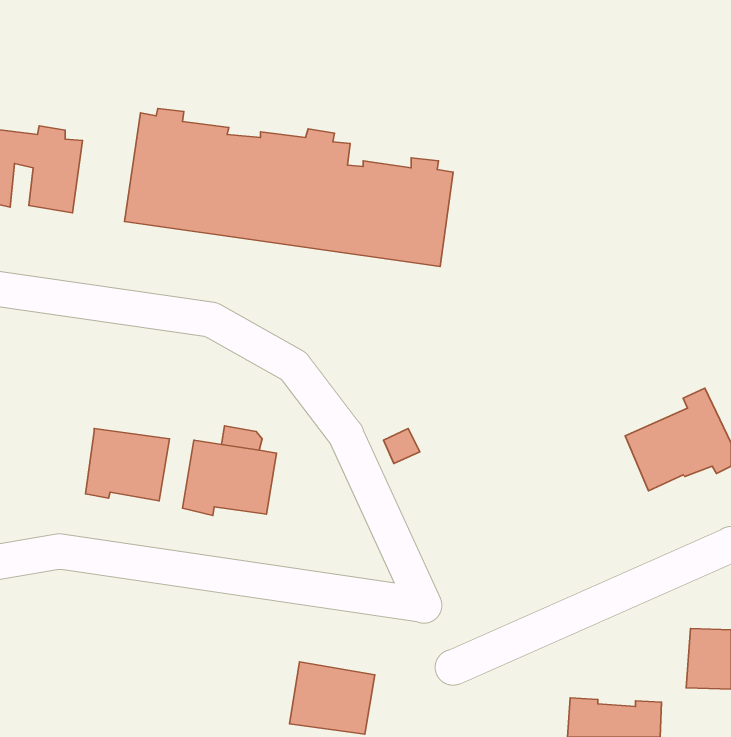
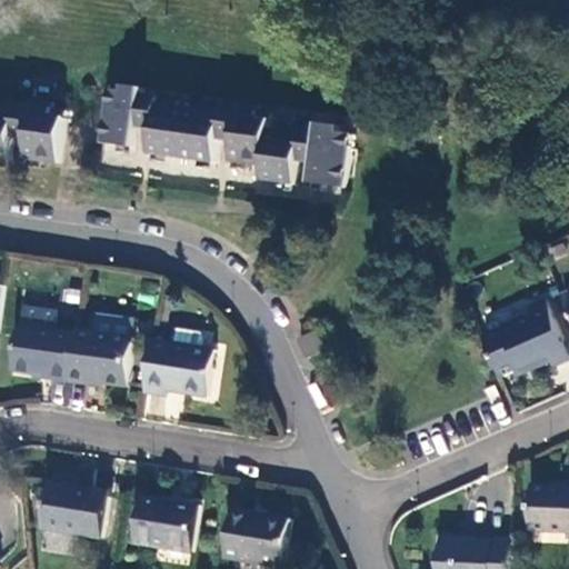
building: none -> [9,305,72,379]
building: none -> [40,480,106,537]
building: none -> [133,496,197,549]

